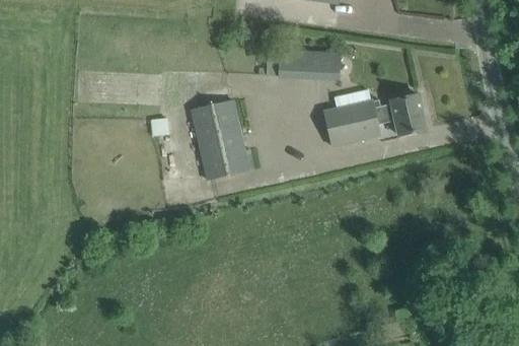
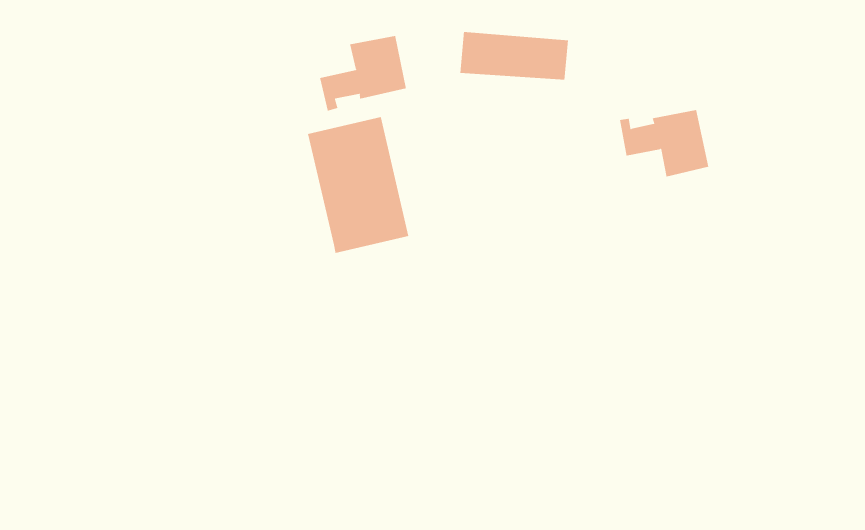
building: none -> [320,35,407,111]
building: [322,101,379,146] -> none

